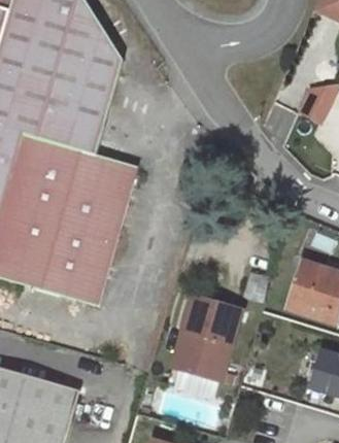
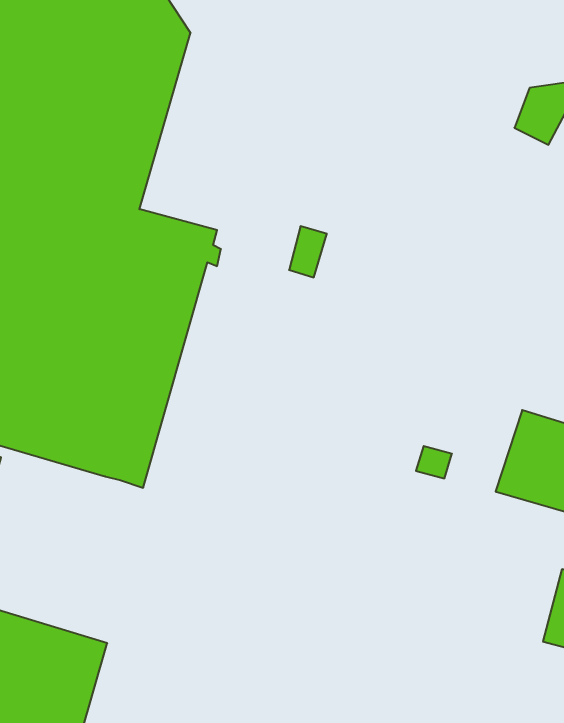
building: [179,297,241,380] -> none

